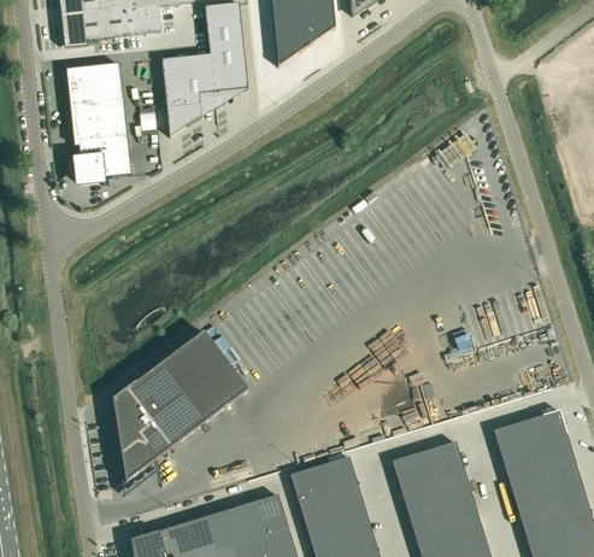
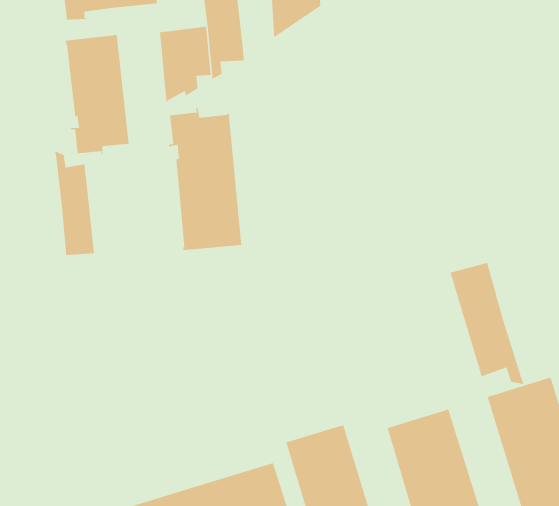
building: none -> [168,107,242,251]
building: none -> [55,150,94,256]
building: none -> [450,262,525,385]
building: [112,330,247,482] -> none

